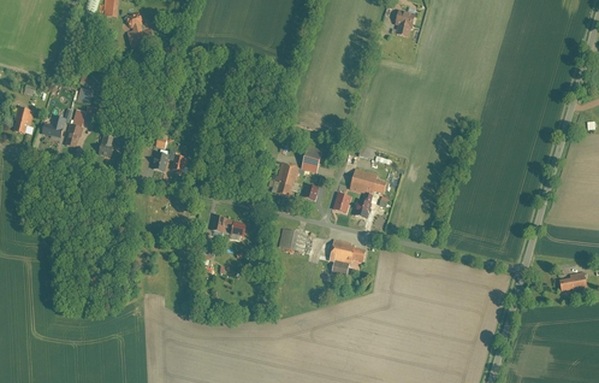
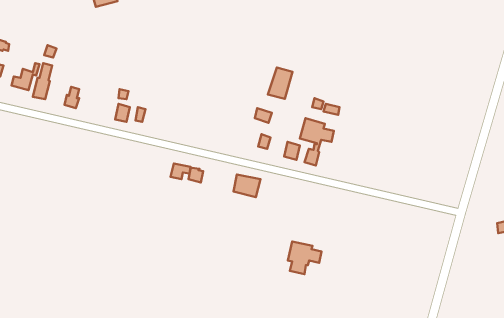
building: [273,161,300,195] -> [268,67,293,99]
building: [330,238,366,273] -> [288,241,321,274]

